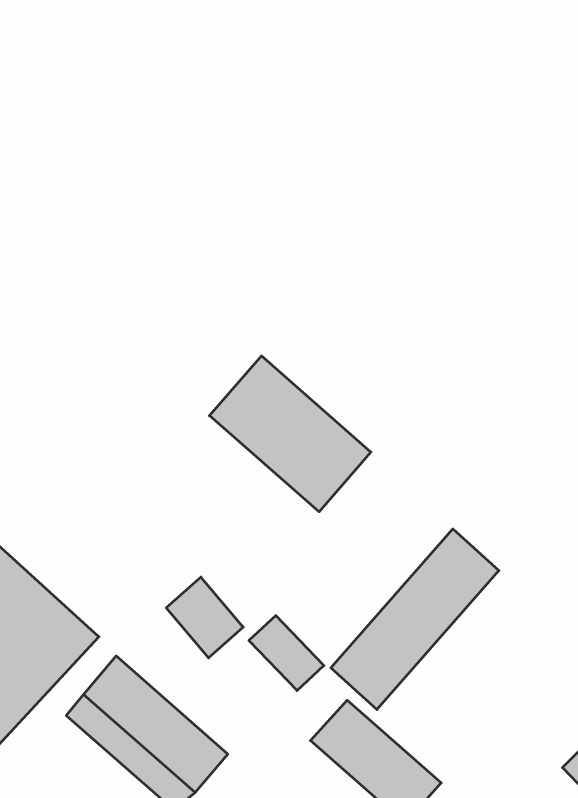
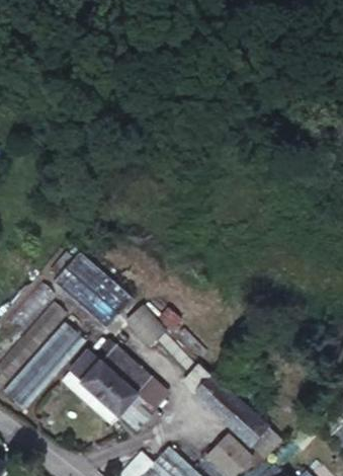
building: [209,356,371,512] -> [49,248,134,330]
building: [331,529,499,710] -> none
building: none -> [95,336,168,405]

